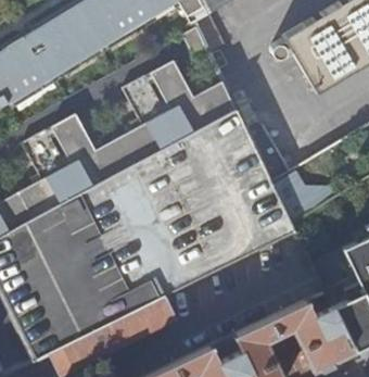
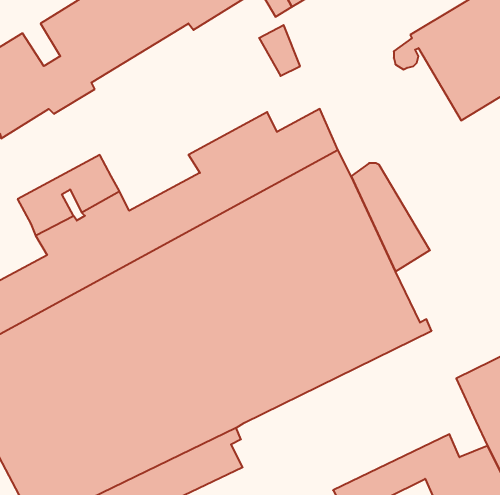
building: [124,63,188,115] -> none

